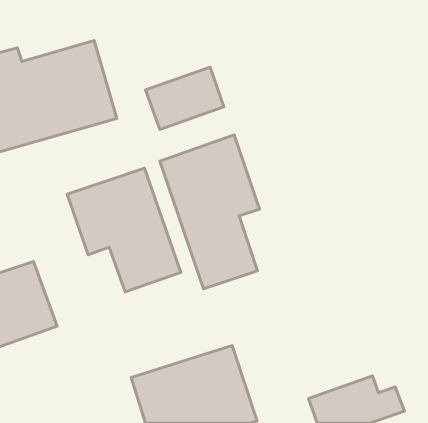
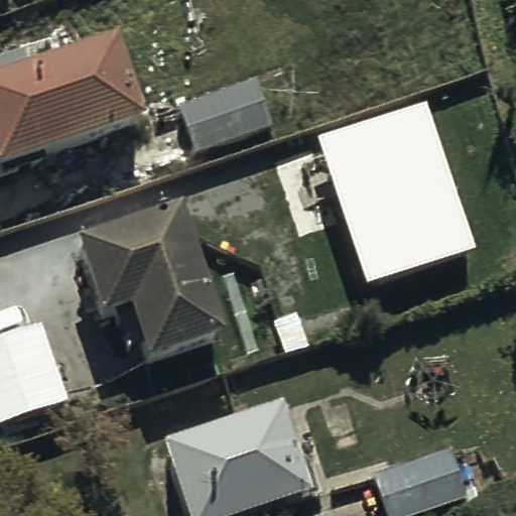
building: none -> [315,93,475,276]
building: [160,135,260,289] -> none

